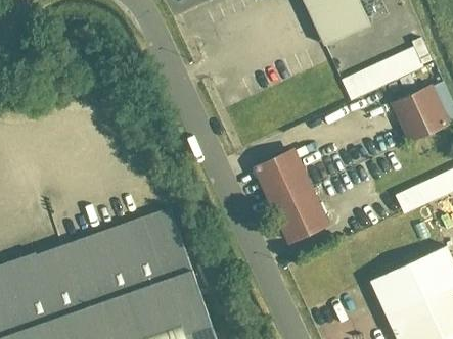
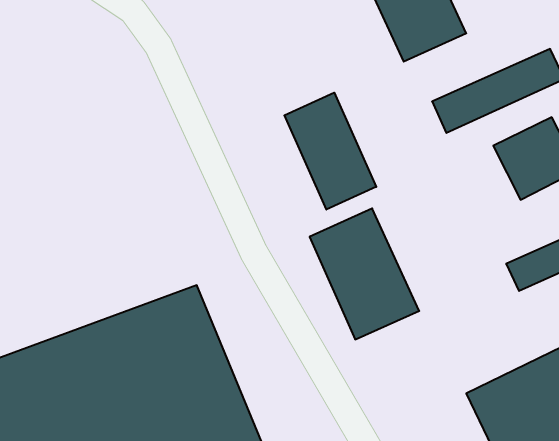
building: none -> [284,93,376,210]

